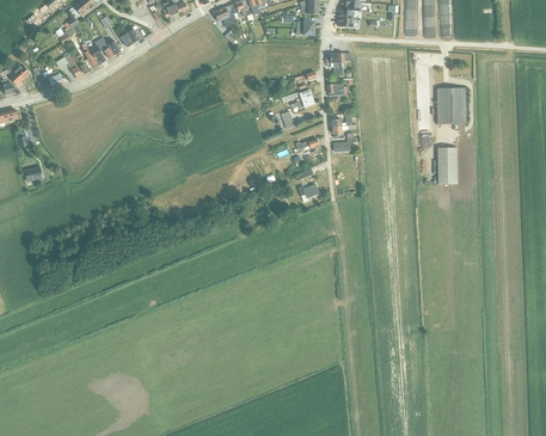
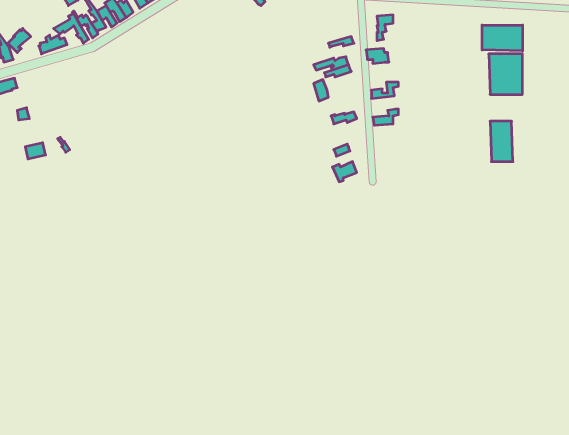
building: none -> [482,25,523,51]

